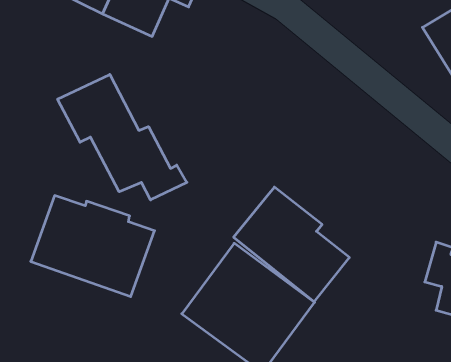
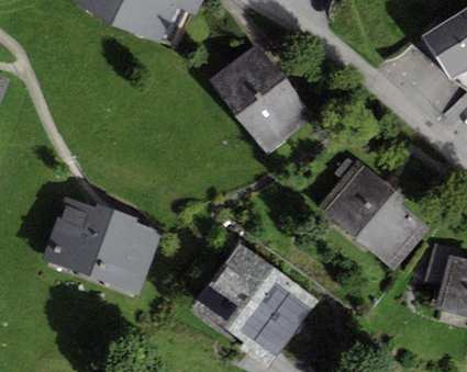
building: none -> [211,43,316,155]
building: [58,74,187,200] -> none
building: [234,187,349,302] -> [318,160,430,271]

